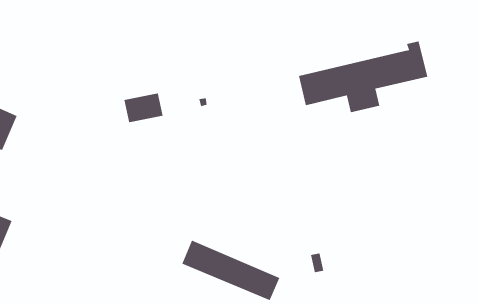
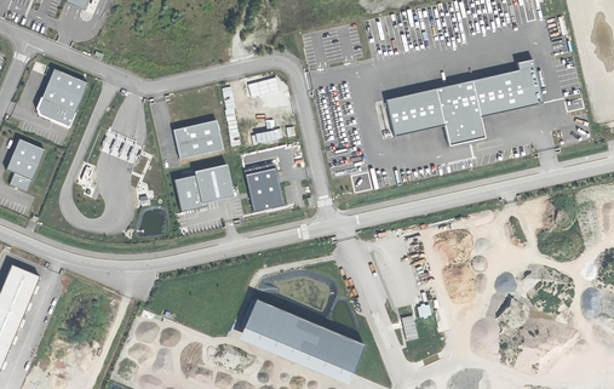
building: none -> [38,69,87,126]
building: none -> [174,165,234,211]
building: none -> [245,165,283,207]

